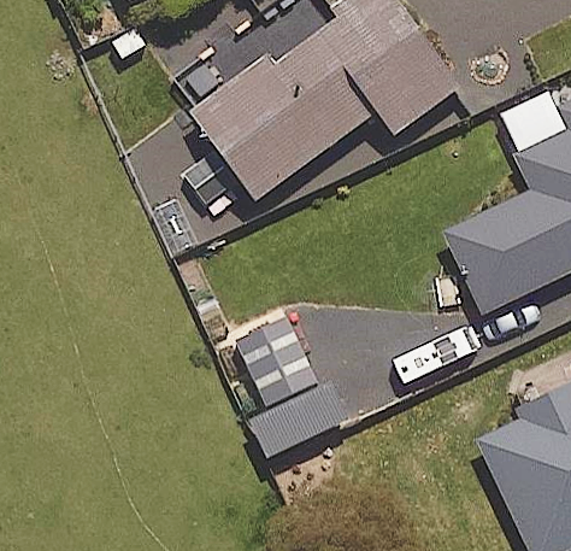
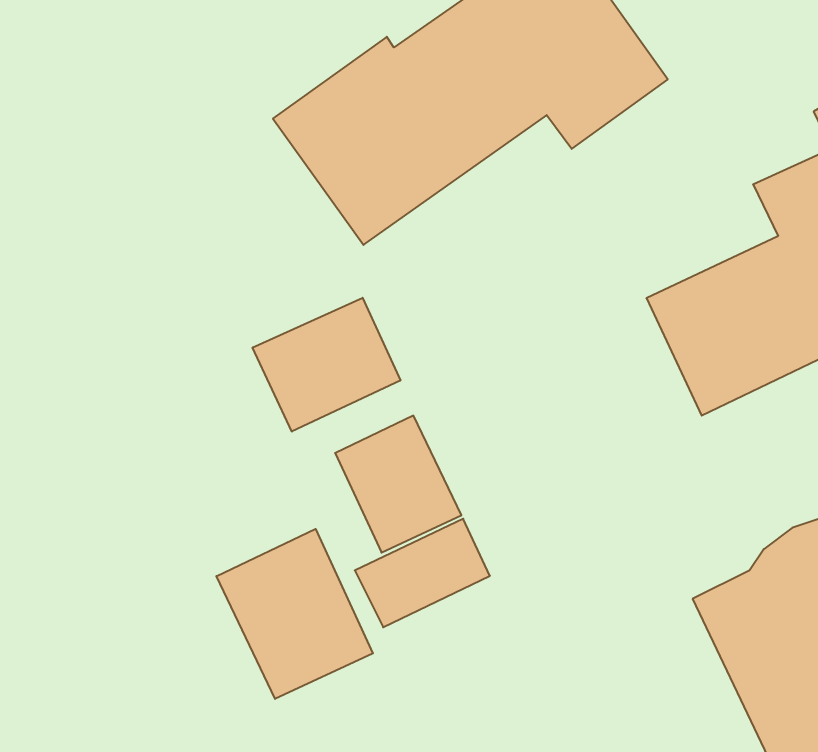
building: none -> [253,298,400,432]
building: none -> [216,529,373,699]

